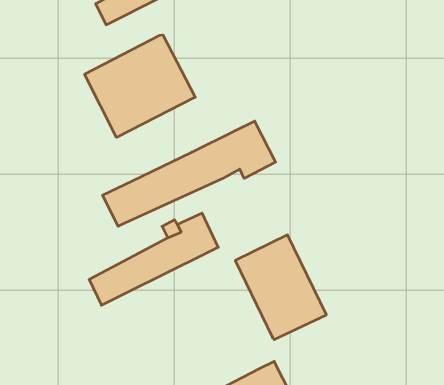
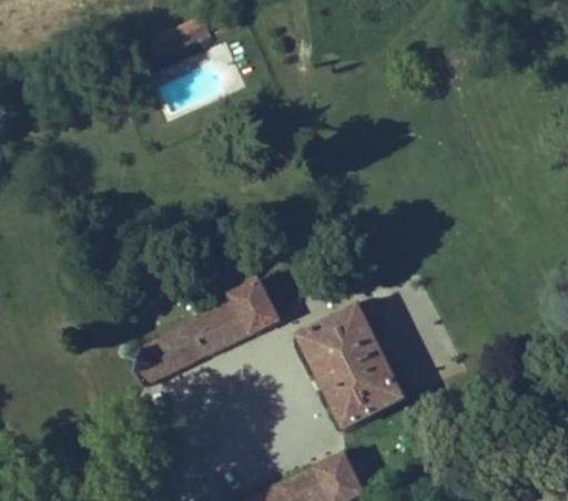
building: [85,35,195,137] -> none
building: [103,121,276,226] -> none

